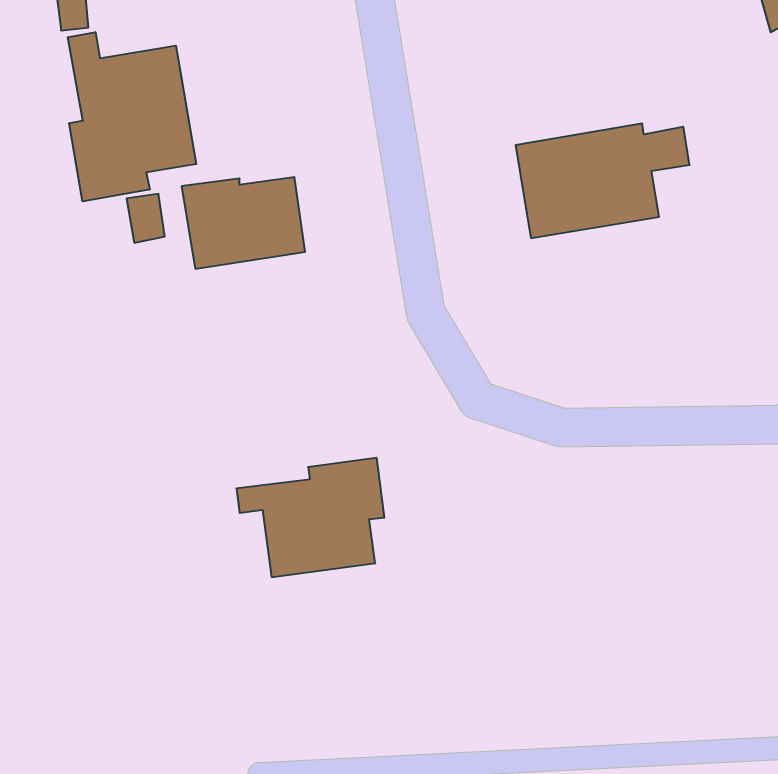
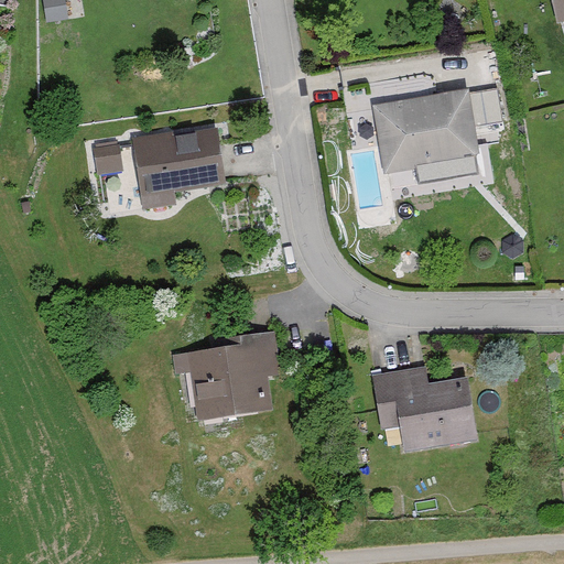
building: [68,32,196,201] -> none
building: none -> [371,367,477,453]

